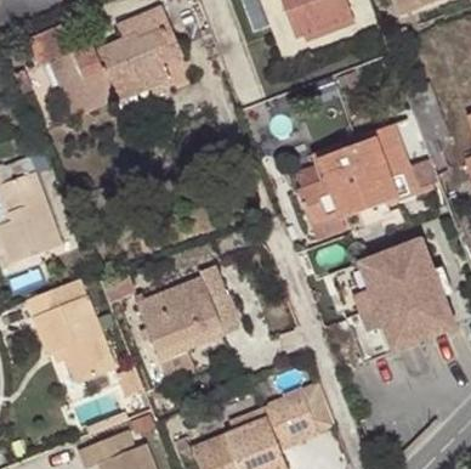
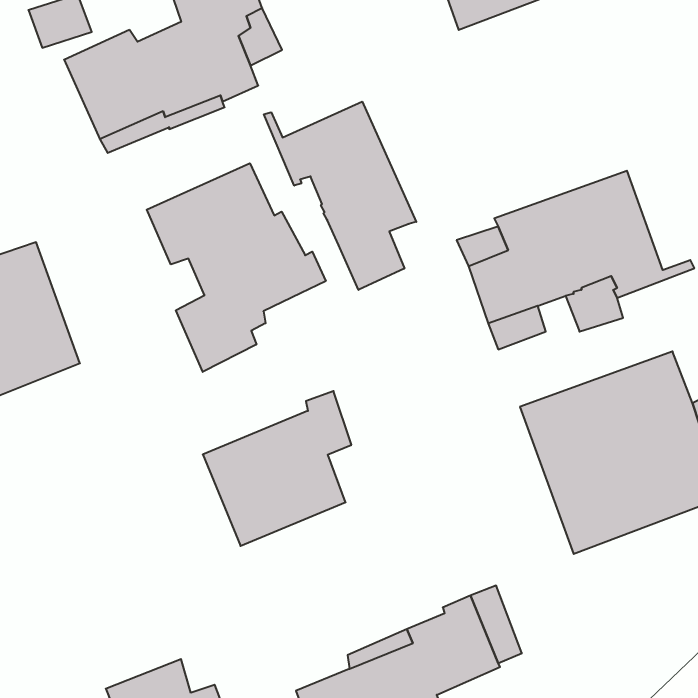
building: none -> [264,102,416,290]
building: none -> [147,163,326,372]
building: [25,278,117,385] -> none

